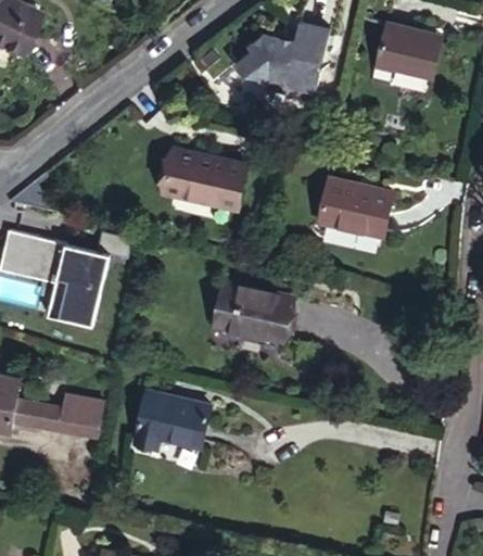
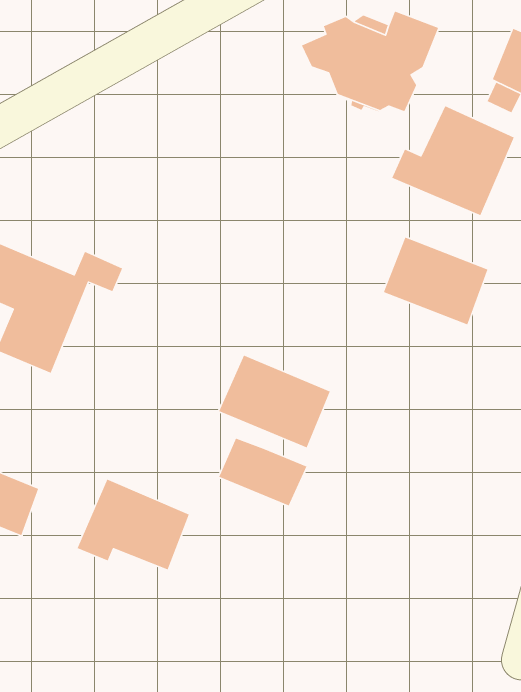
building: none -> [391,105,515,216]
building: [165,153,244,210] -> none
building: none -> [218,438,307,506]

